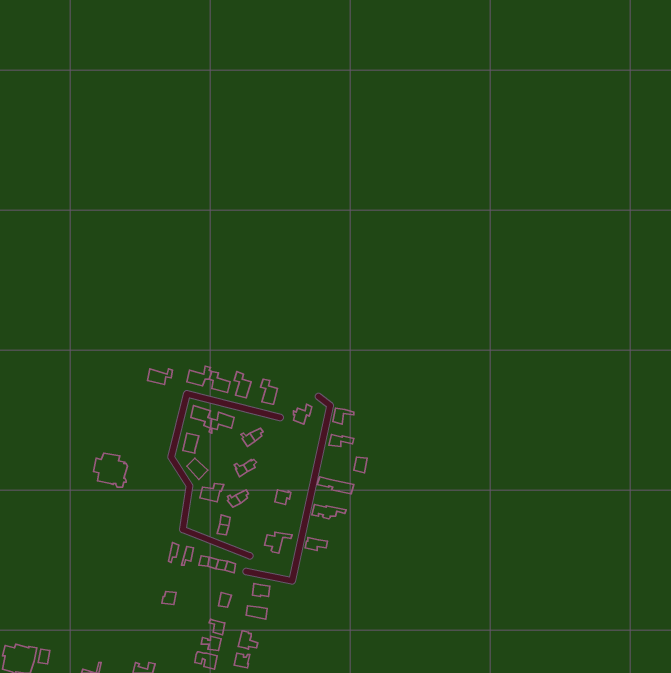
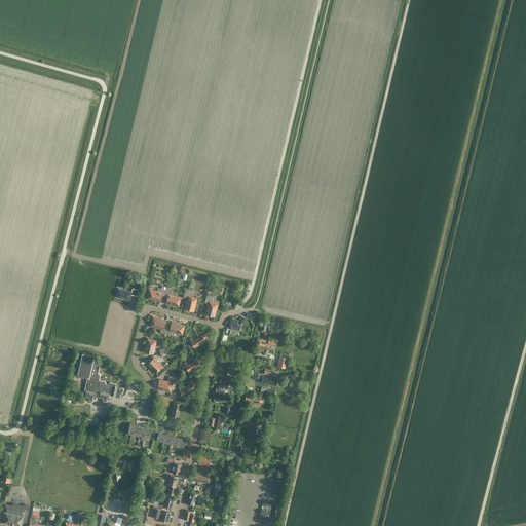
building: none -> [83,376,122,402]

